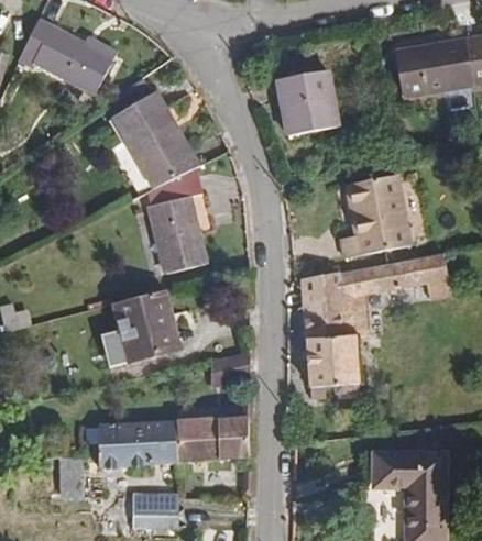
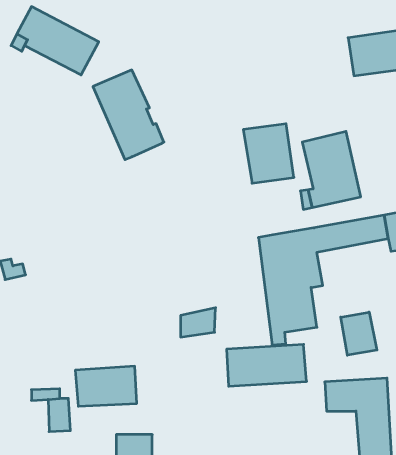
building: [278,71,336,139] -> [243,124,294,183]
building: [144,172,204,280] -> none
building: [102,291,172,368] -> none
building: none -> [341,312,377,355]
building: [157,418,248,465] -> [227,344,307,386]

